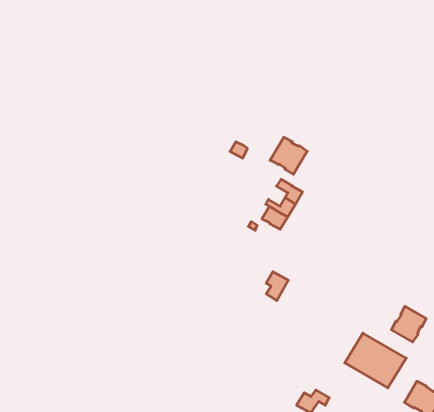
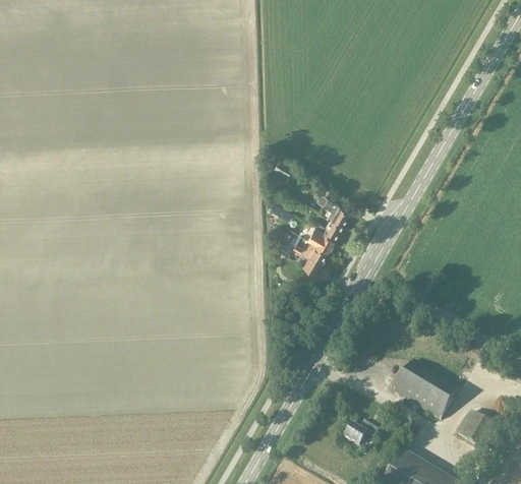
building: [270,137,307,174] -> none
building: [266,272,288,301] -> [301,239,325,269]
building: [391,306,426,342] -> none

